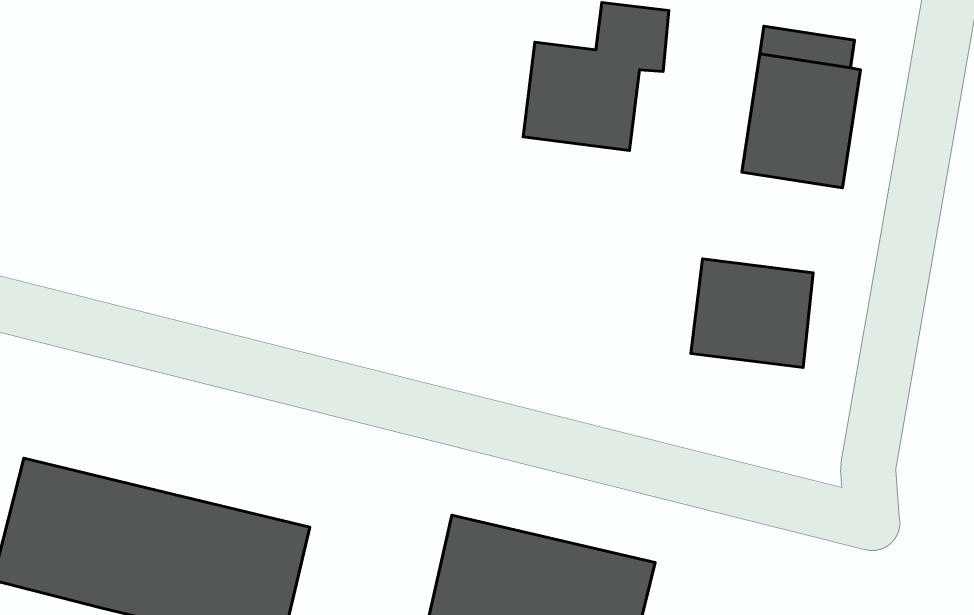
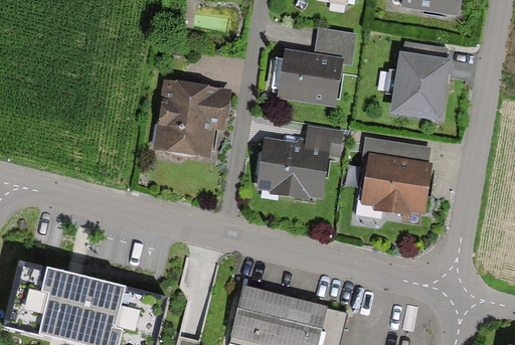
building: none -> [155,81,227,155]
building: none -> [259,126,342,196]
building: none -> [363,139,430,166]

